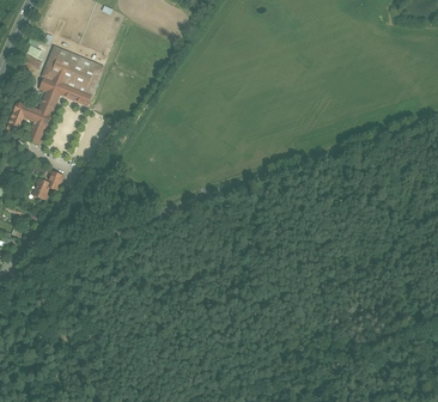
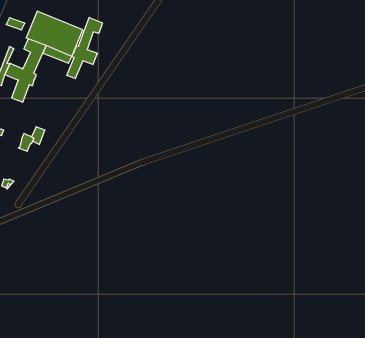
building: none -> [67,17,103,79]

